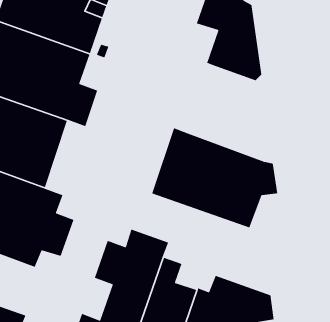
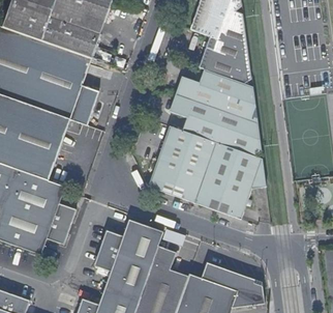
building: none -> [170,66,260,154]

